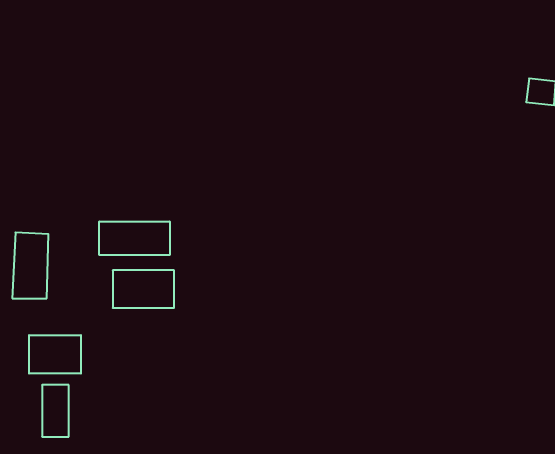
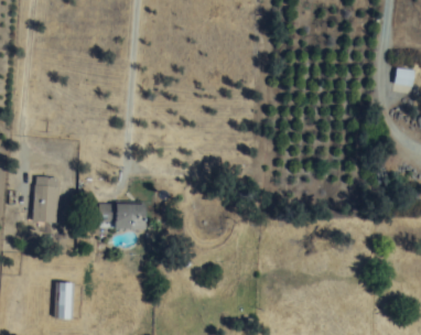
building: [99,221,170,255] -> none
building: [29,335,81,374] -> none

